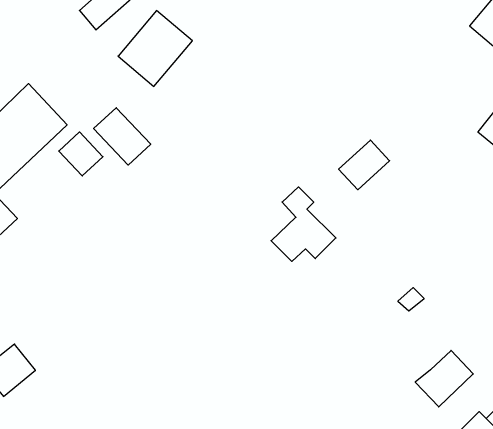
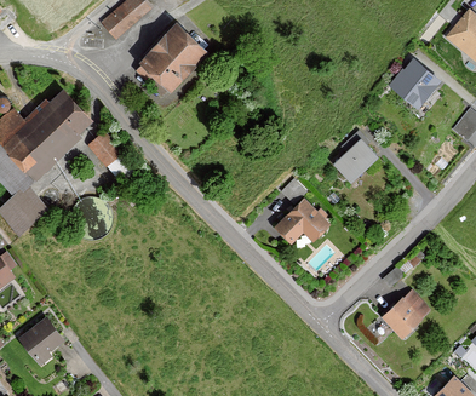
building: none -> [389,58,440,109]
building: [94,108,151,165] -> none
building: [415,350,473,407] -> [379,289,430,339]

